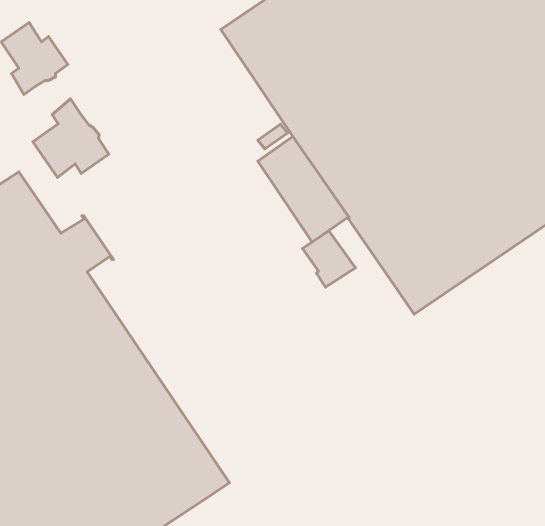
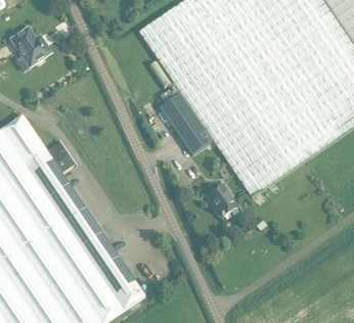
building: [33,99,109,178] -> none
building: [303,231,355,287] -> [208,184,238,217]

